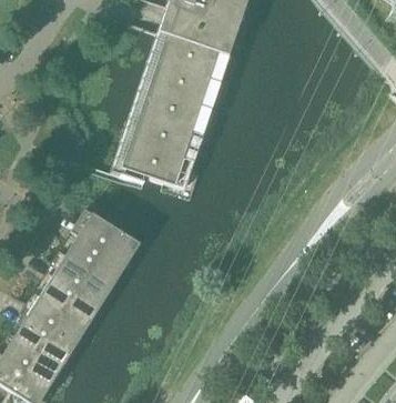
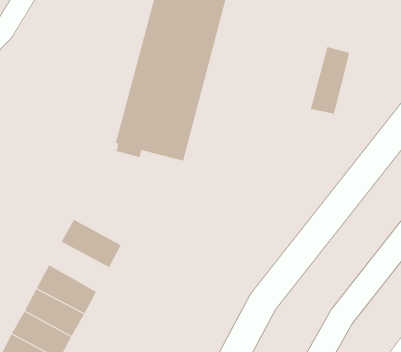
building: none -> [310,46,350,115]
building: [69,205,133,259] -> none
building: [52,252,108,300] -> none

